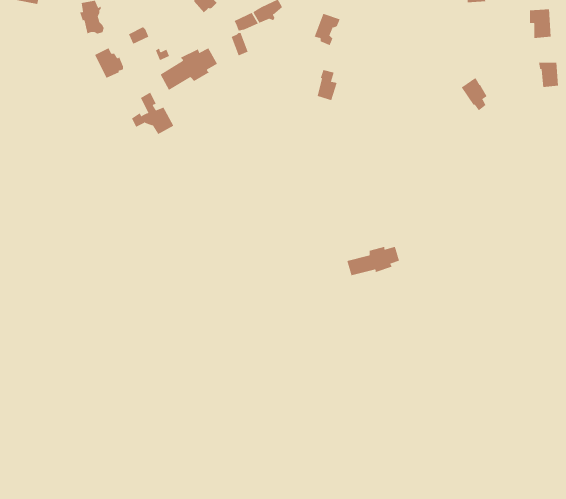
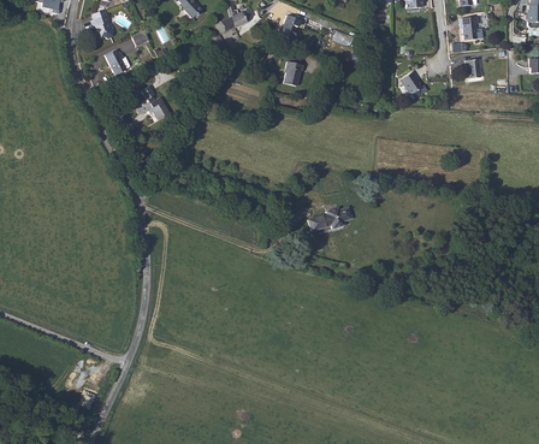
building: [160,48,218,91] -> none

